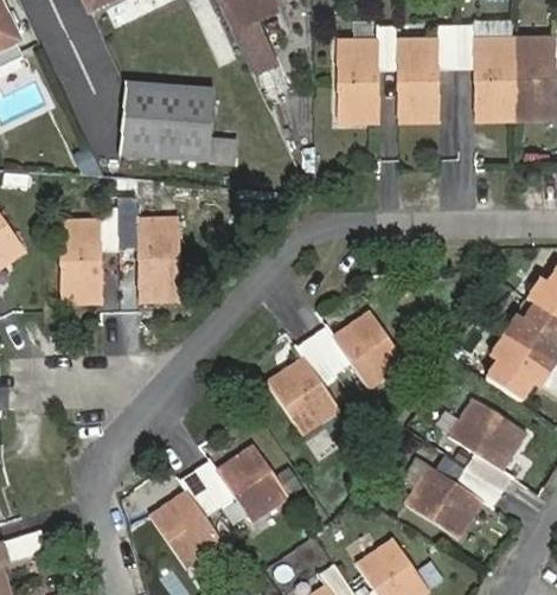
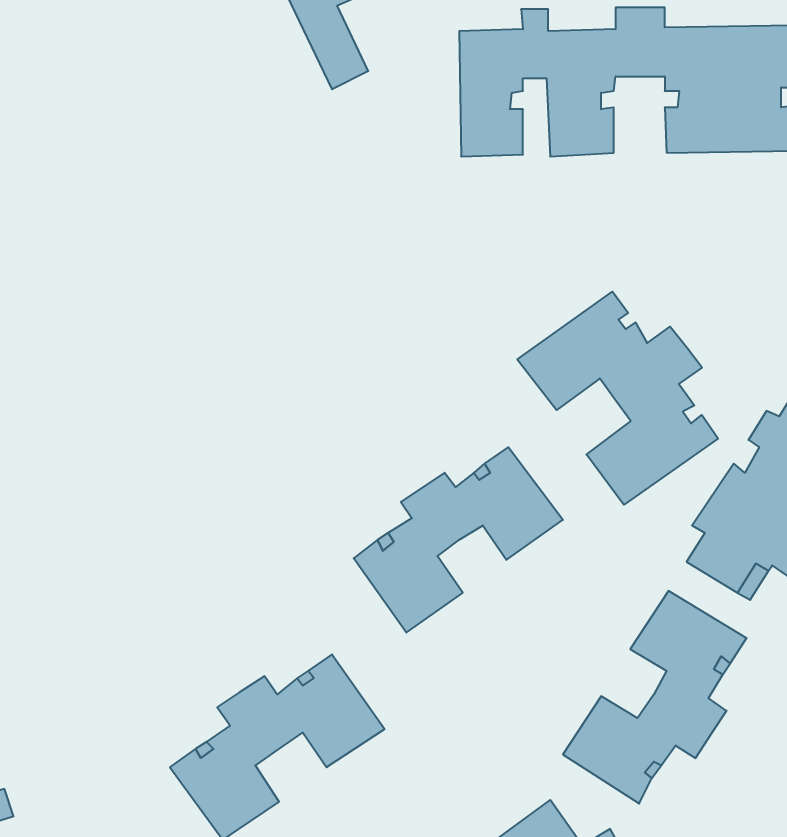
building: [117,82,236,164] -> none
building: [60,206,179,302] -> none
building: none -> [517,292,718,505]

